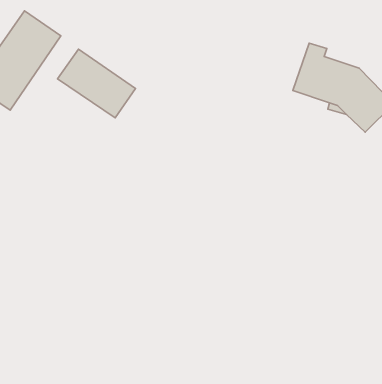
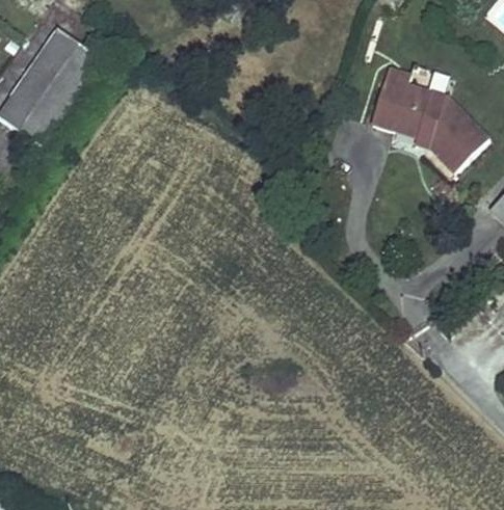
building: [57,49,136,118] -> none

